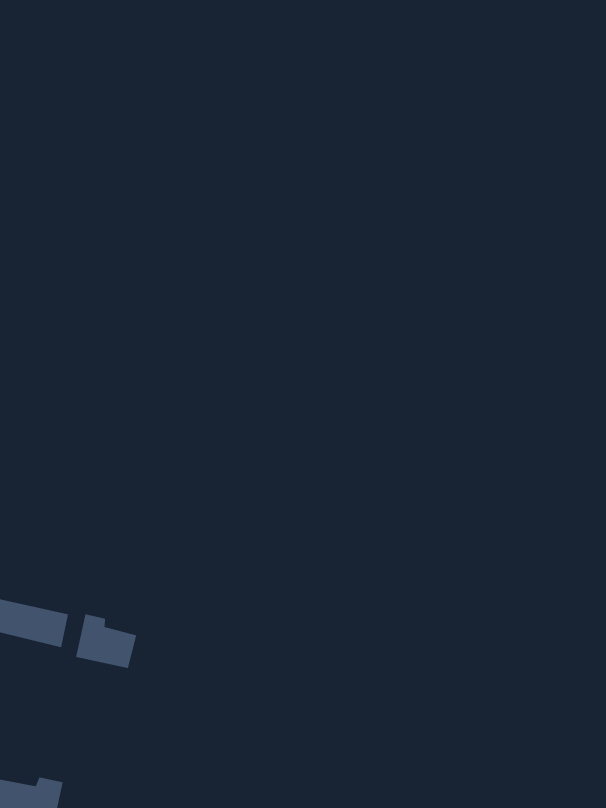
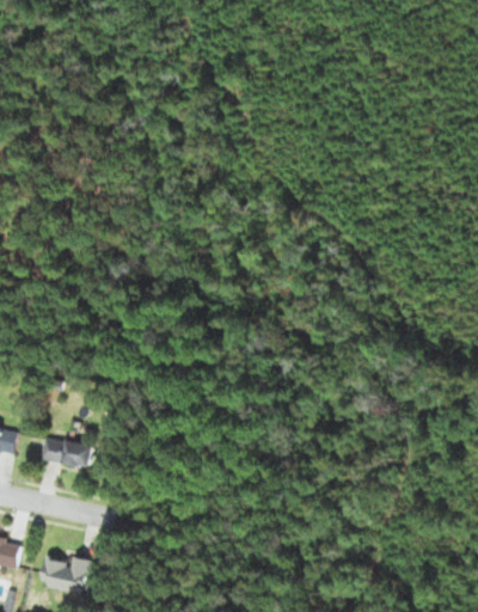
building: [75,614,137,669] -> none

